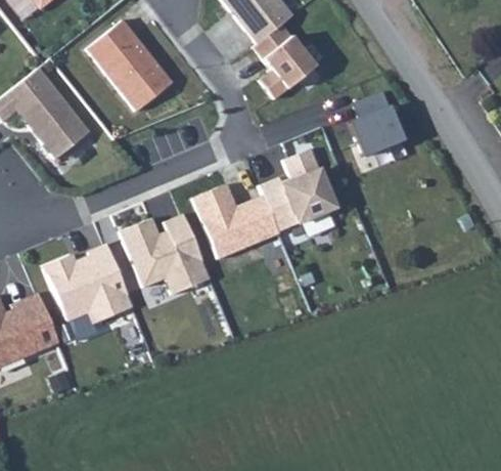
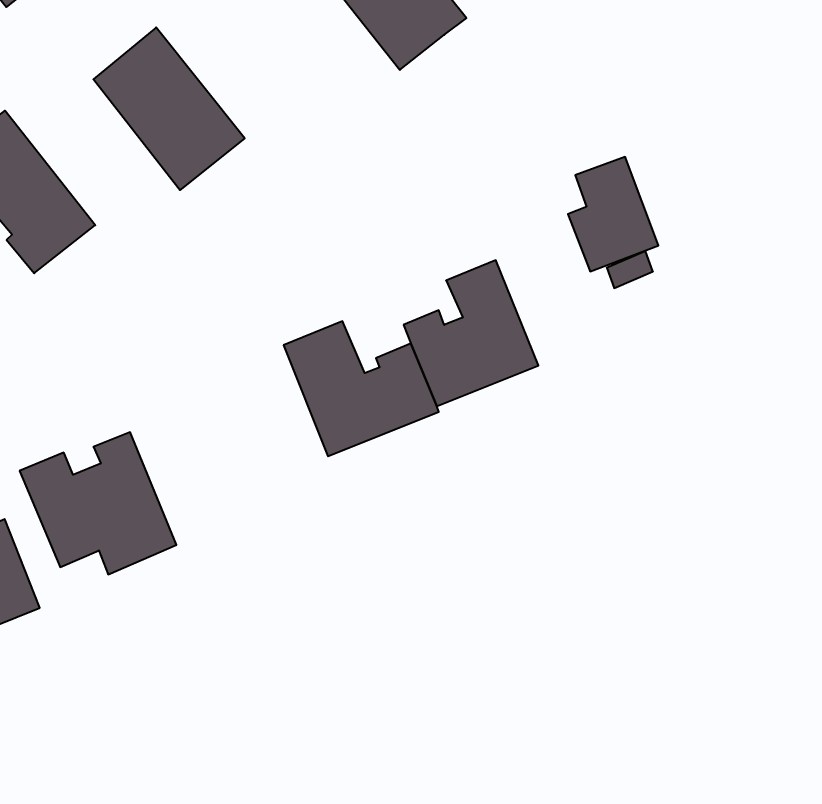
building: [255,25,315,97] -> none
building: [119,214,210,295] -> none

